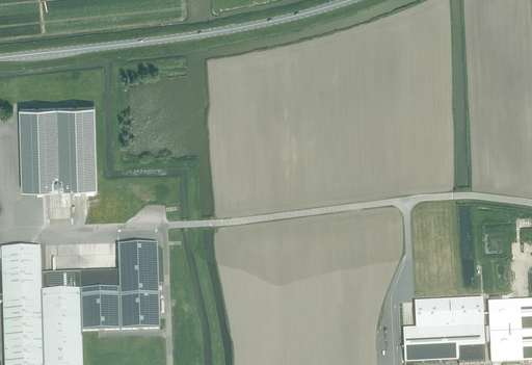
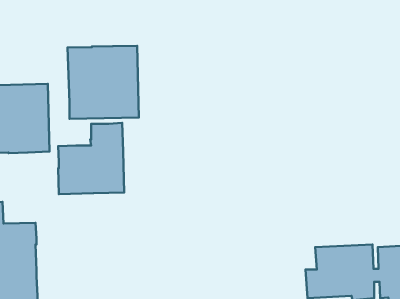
building: none -> [68,46,139,119]
building: [79,242,158,328] -> [58,123,124,194]

